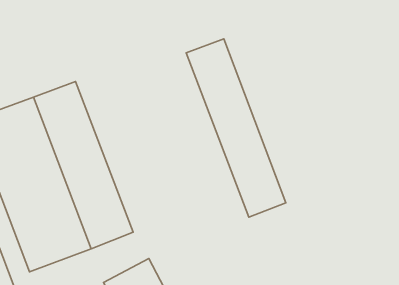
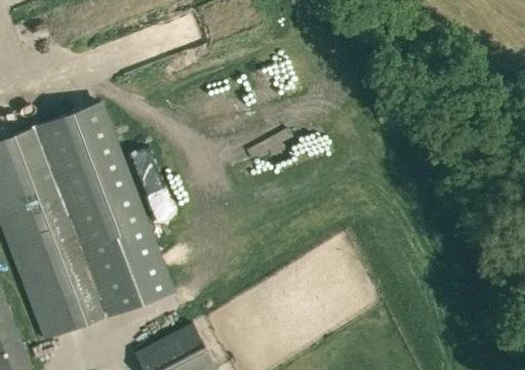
building: [186,39,286,217] -> none

